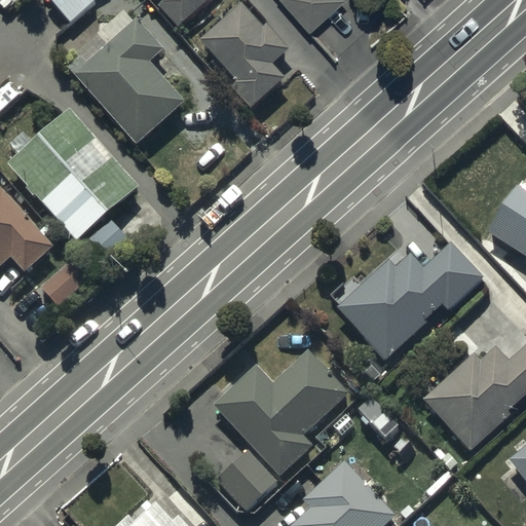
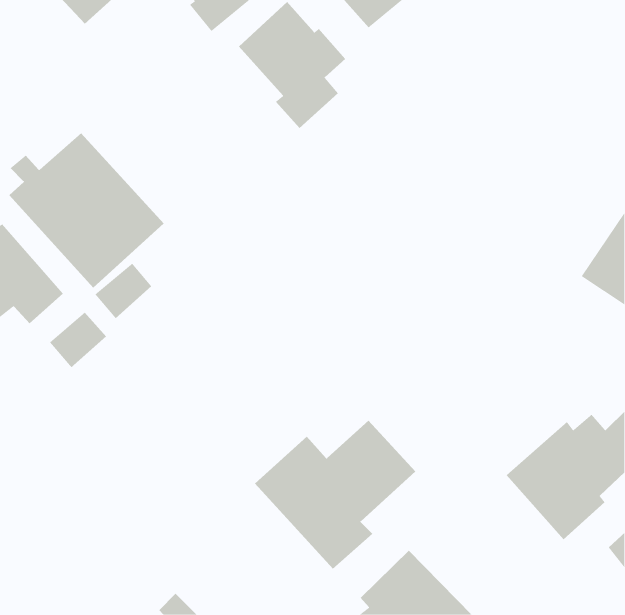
building: [61,21,183,144] -> none
building: [338,241,482,360] -> none
building: [216,449,278,511] -> none

